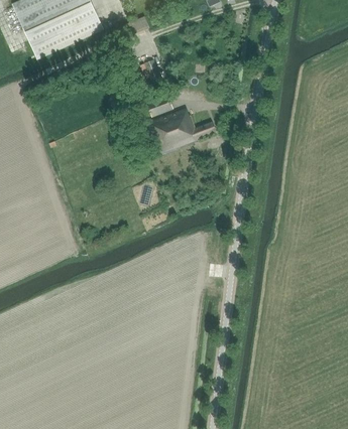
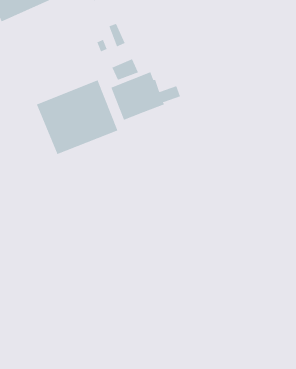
building: none -> [36,79,118,155]

